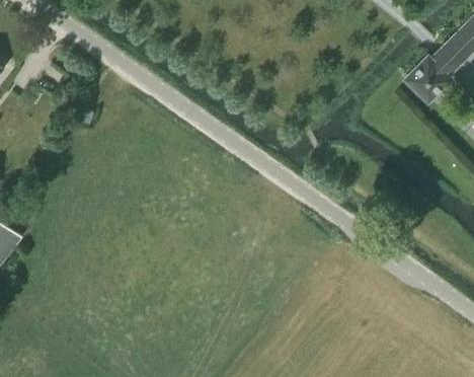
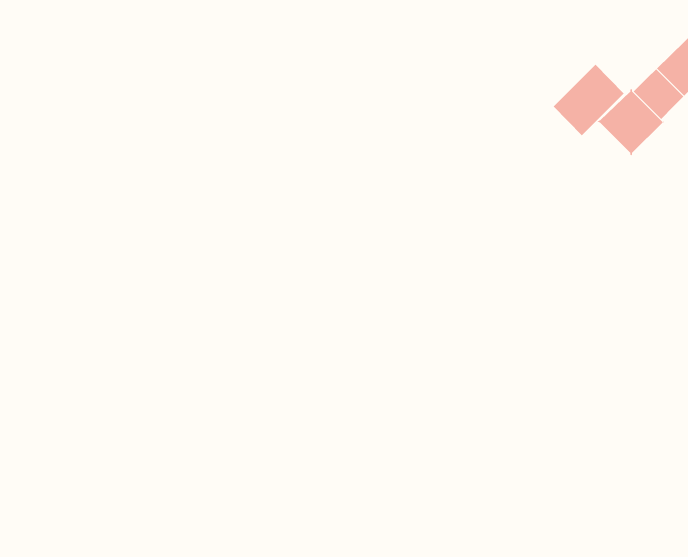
building: none -> [553,64,624,136]

